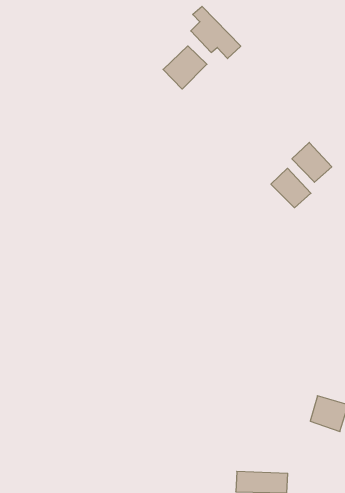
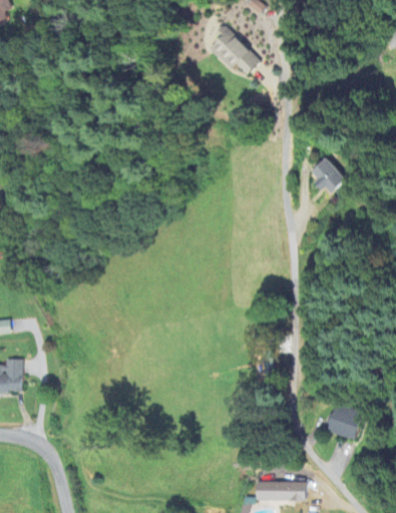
building: [163,46,207,89] -> none
building: [271,168,311,208] -> none

